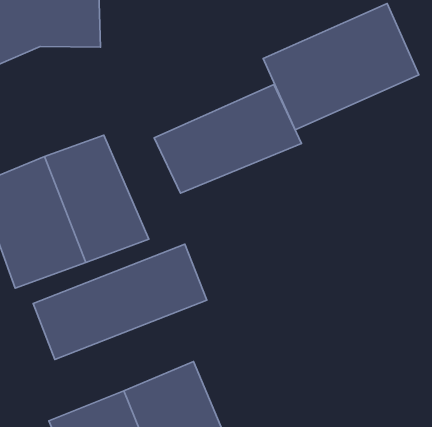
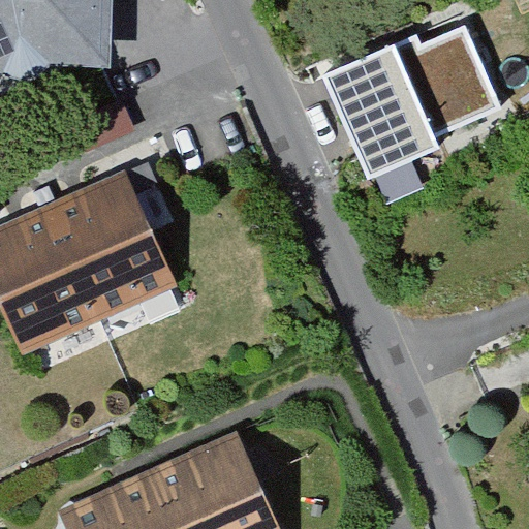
building: [154,85,301,193] -> none
building: [33,244,207,360] -> none

